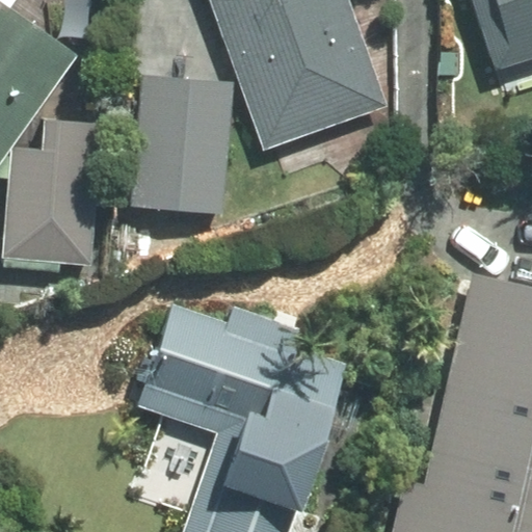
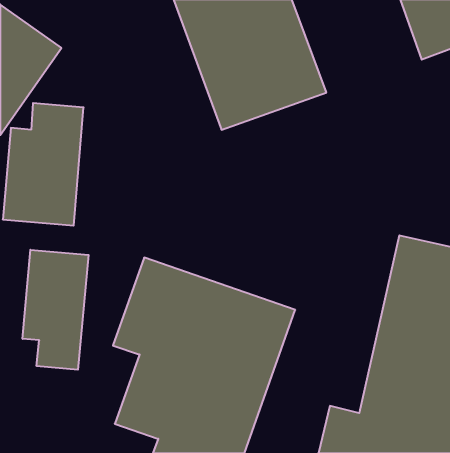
building: [132,77,232,214] -> none
building: none -> [23,250,89,370]

